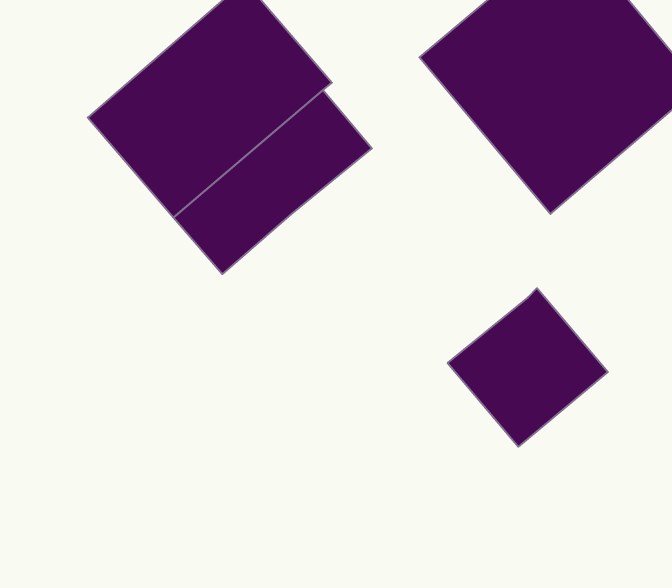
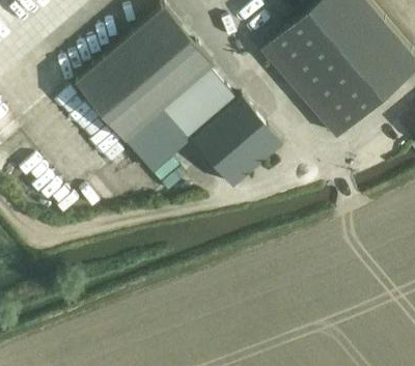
building: [448,288,608,447] -> [190,95,281,186]

